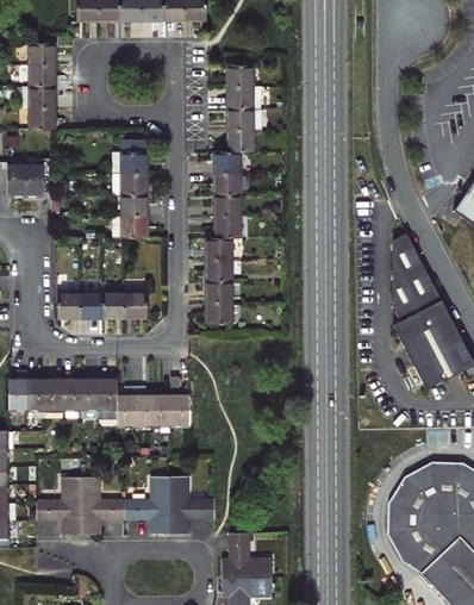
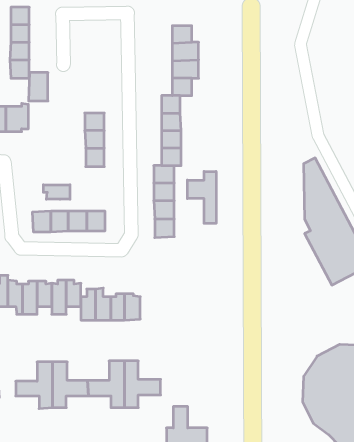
building: [121,138,145,173] -> [29,73,48,101]
building: none -> [187,171,216,223]
building: none -> [43,185,70,199]

